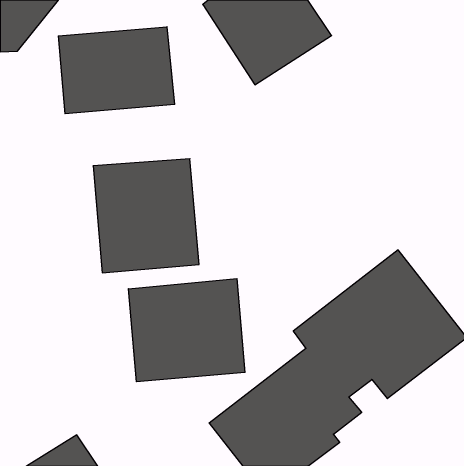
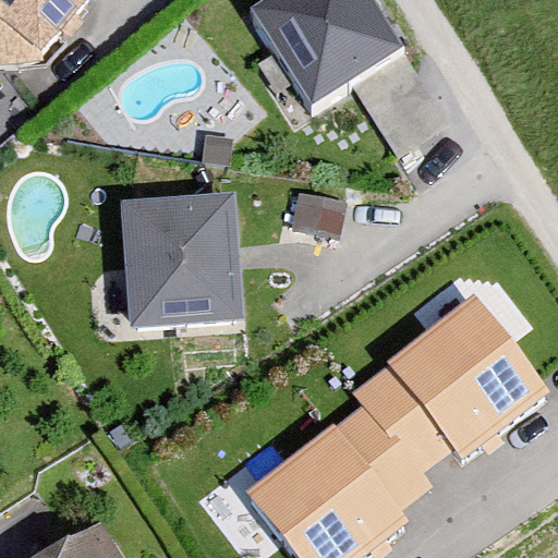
building: [58,27,175,114] -> none
building: [128,279,245,382] -> none

